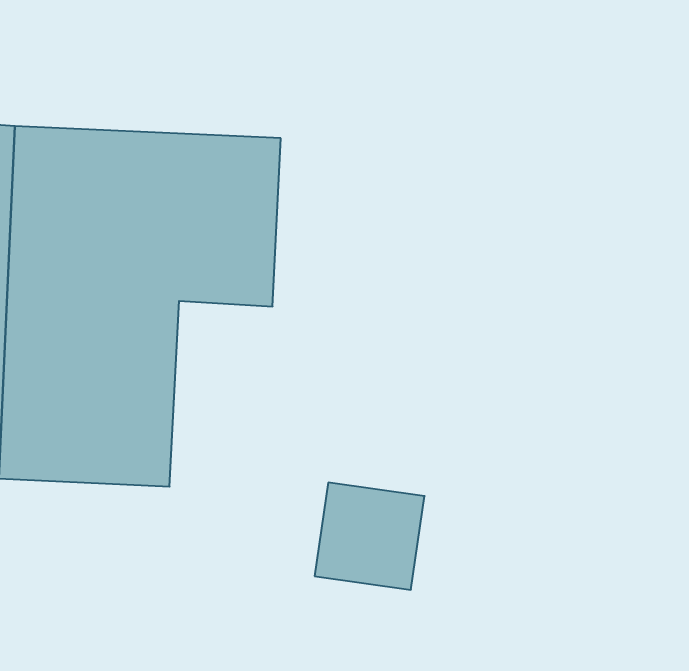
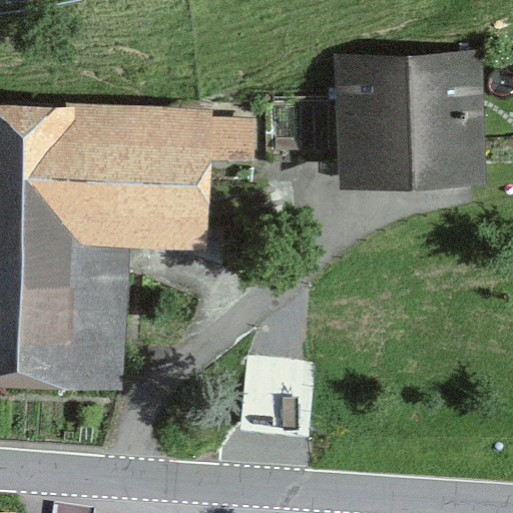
building: none -> [334,58,485,186]

